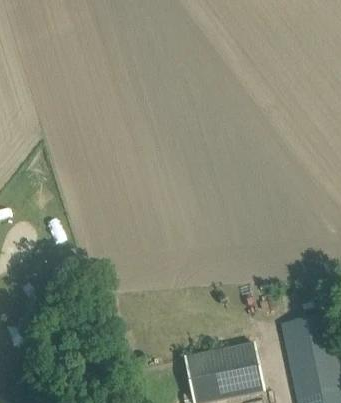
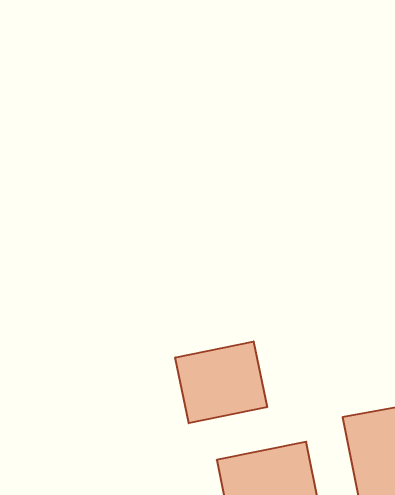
building: none -> [175,341,267,423]

